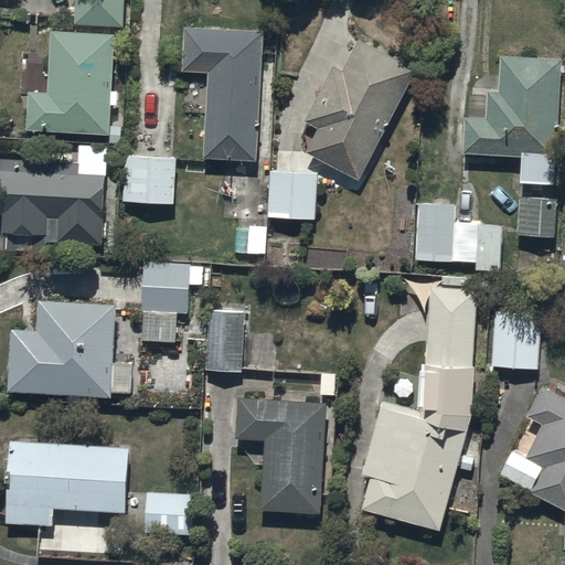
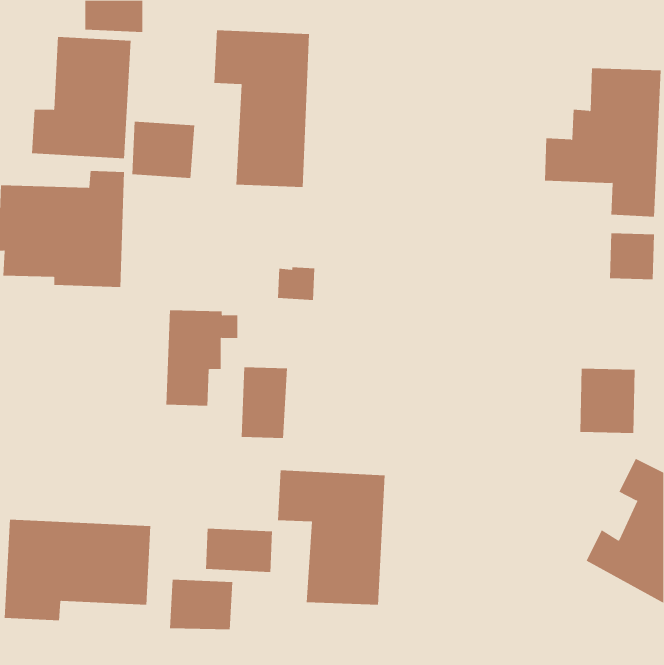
building: [302,40,417,182] -> none
building: [121,156,175,204] -> [131,121,195,178]
building: [267,170,317,220] -> none
building: [415,204,501,269] -> none
building: [360,287,477,532] -> none
building: [6,300,130,397] -> none
building: none -> [205,528,273,573]

